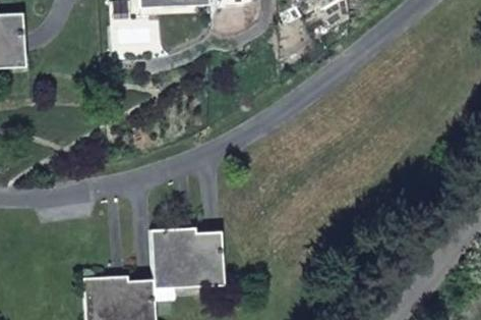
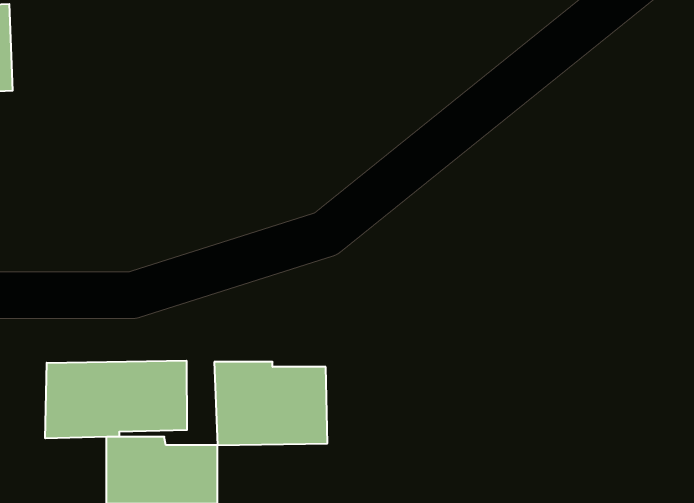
building: none -> [45,361,187,438]

